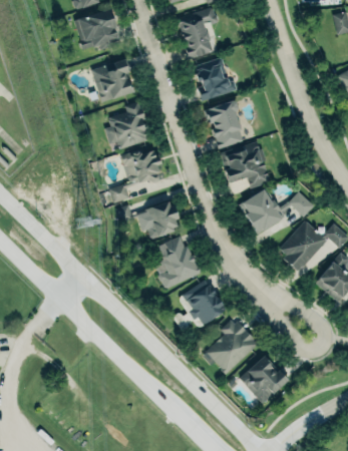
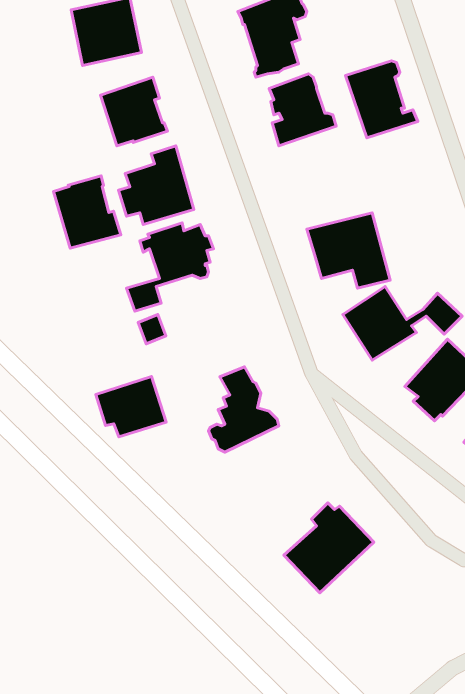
building: [206,101,250,148] -> [346,61,418,138]
building: none -> [54,176,121,248]
building: [135,201,179,239] -> [96,376,166,437]
building: [183,280,227,325] -> none
building: [241,356,288,403] -> none

